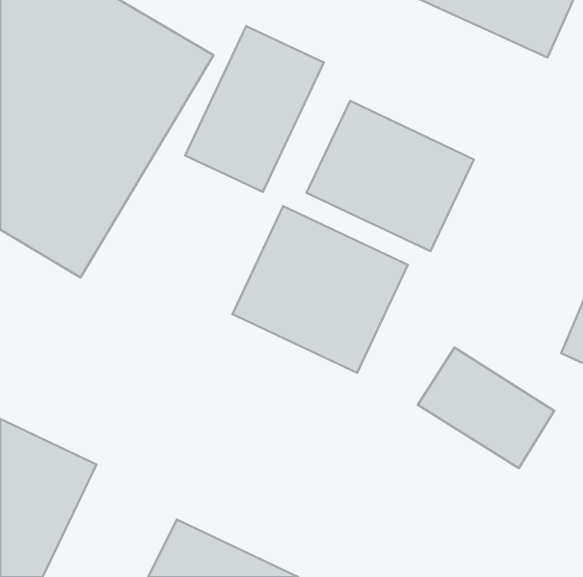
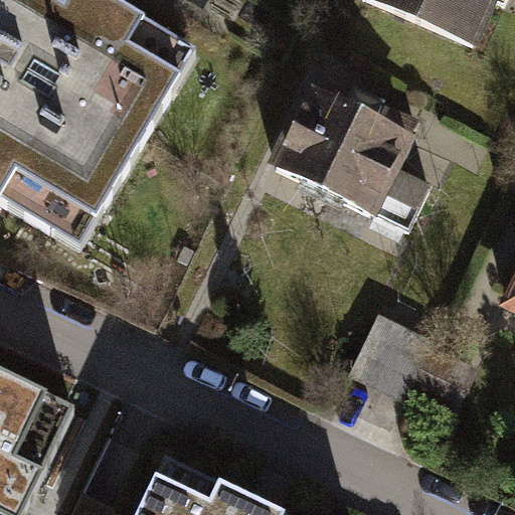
building: [185,26,324,192] -> none
building: [233,206,408,373] -> none

